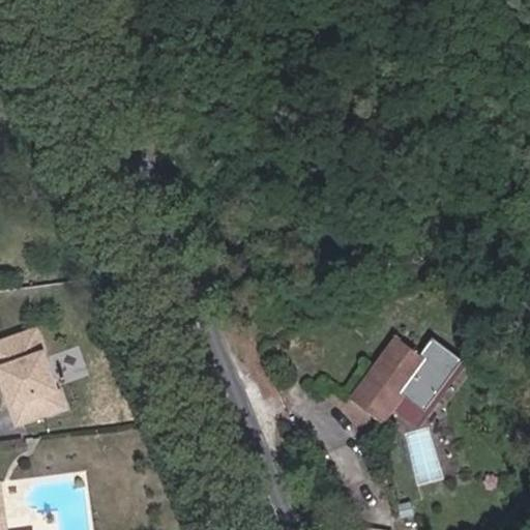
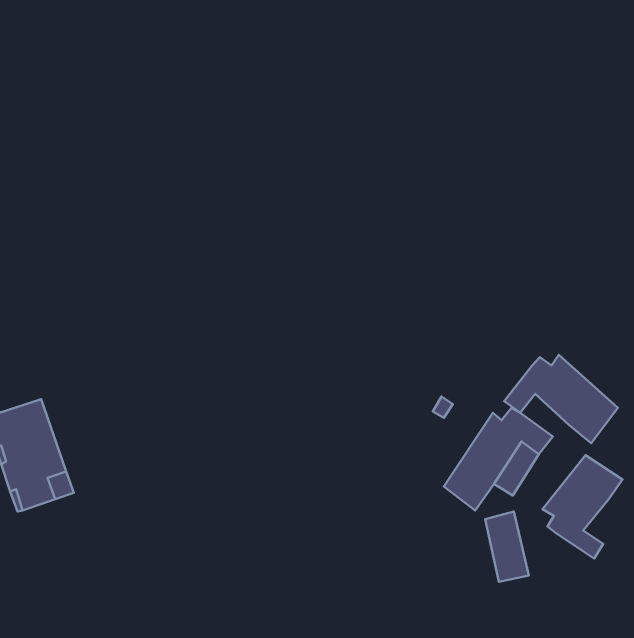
building: none -> [504,355,618,443]
building: none -> [543,455,623,559]

